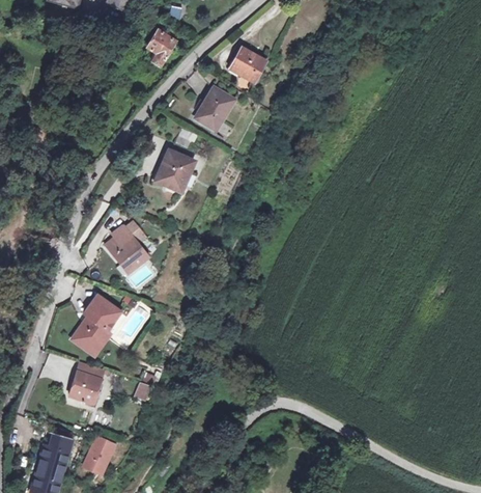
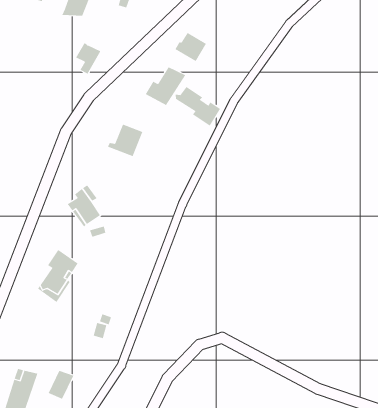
building: [147,29,177,66] -> [75,42,101,74]
building: none -> [175,86,221,127]
building: [70,362,104,406] -> none

